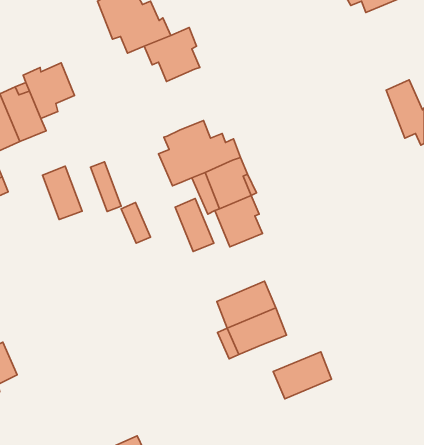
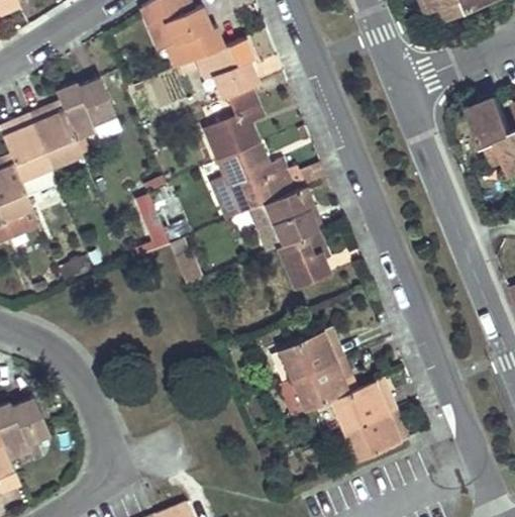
building: none -> [202,85,265,163]
building: [43,166,82,220] -> none
building: [175,198,214,251] -> none
building: none -> [328,378,396,430]

